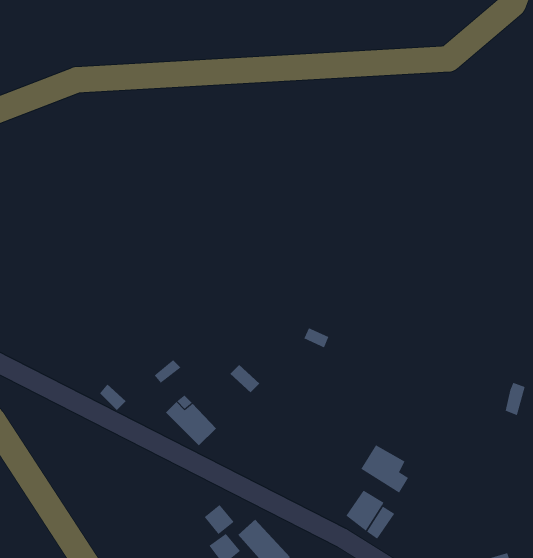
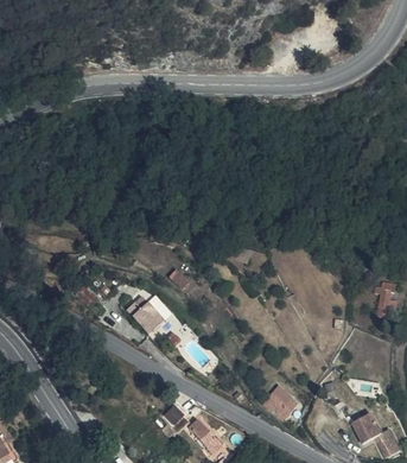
building: [360,444,409,493] -> none

